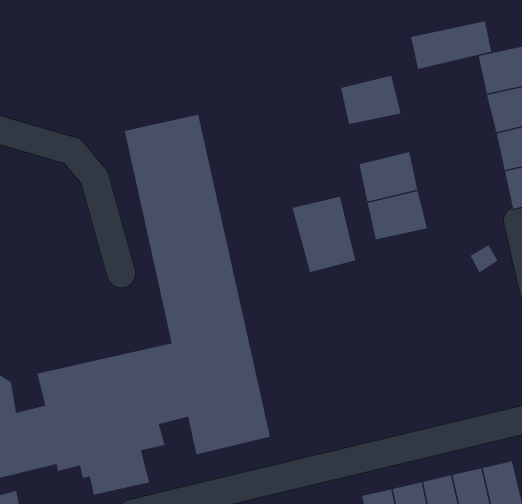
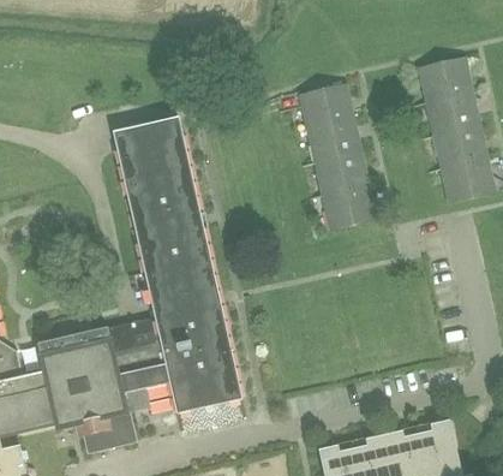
building: [410,20,492,70] -> none
building: none -> [309,118,361,161]
building: [291,196,356,273] -> none

